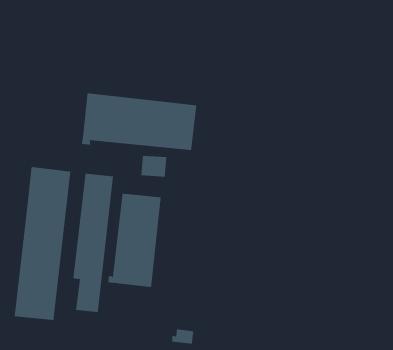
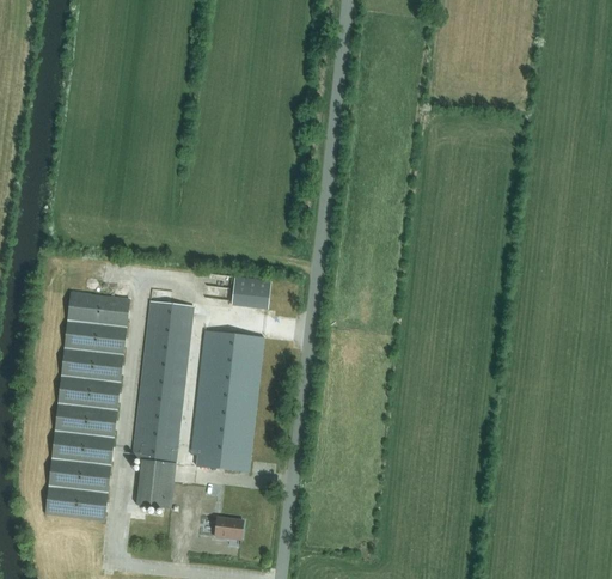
building: [82,93,197,151] -> none
building: [171,329,194,344] -> [209,516,243,538]

